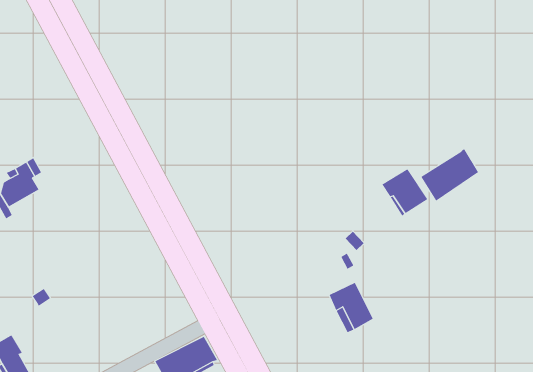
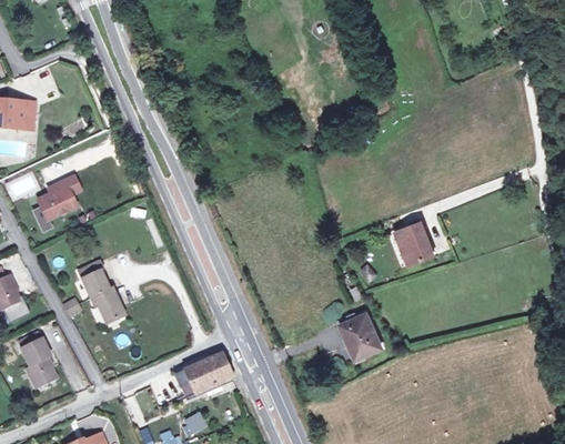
building: [420,148,479,201] -> none
building: none -> [79,260,125,322]

